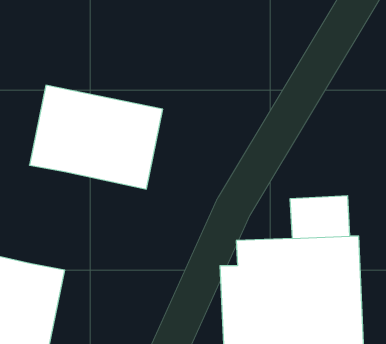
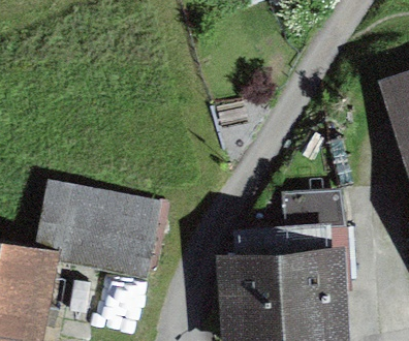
building: [29,85,163,189] -> [38,183,164,281]

